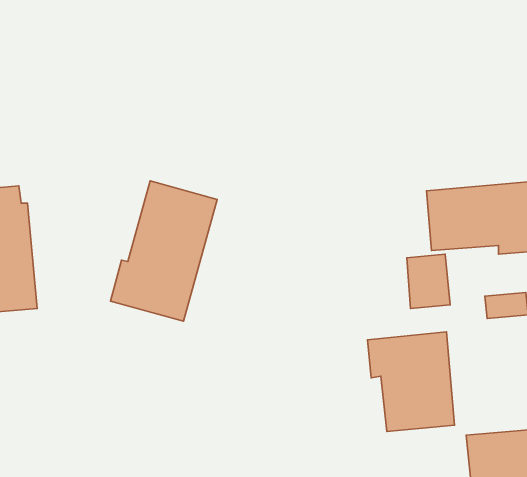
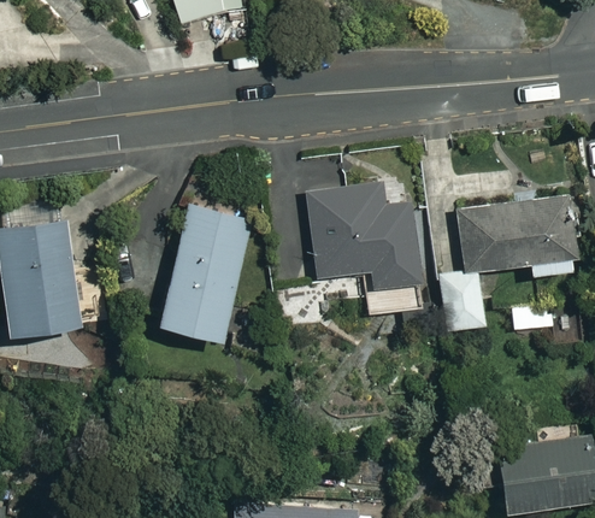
building: none -> [307,183,418,286]
building: [368,332,455,431] -> none

